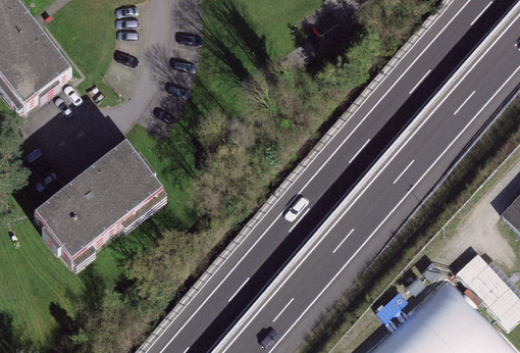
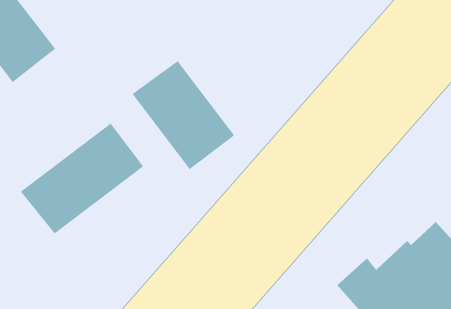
building: none -> [132,60,235,170]

